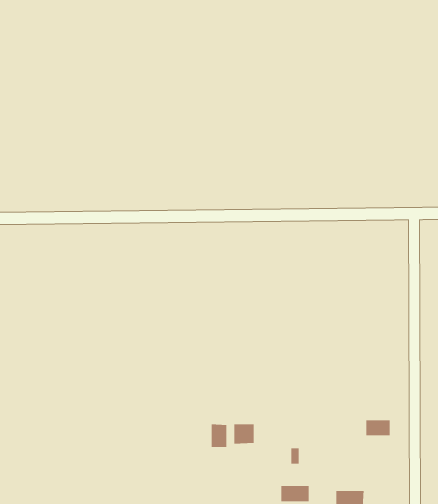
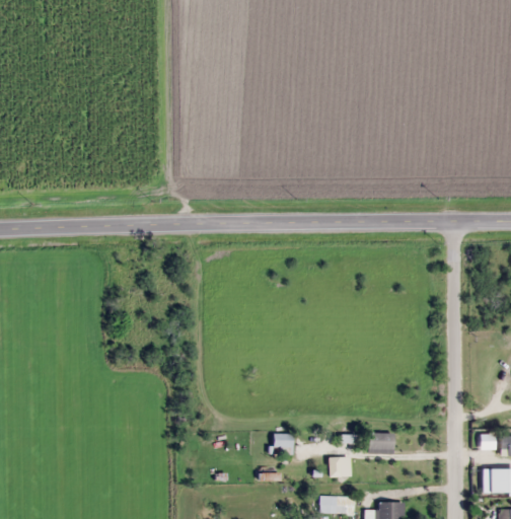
building: [366,419,391,436] -> [369,433,394,450]
building: [211,423,227,448] -> none

